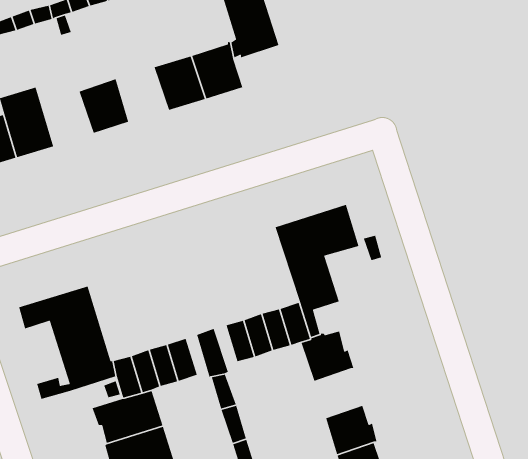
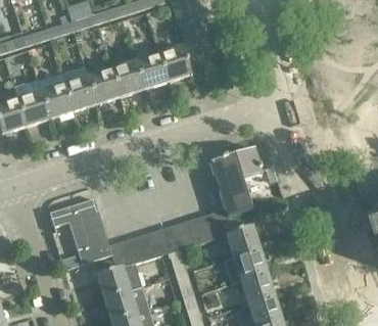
building: none -> [110,61,143,96]
building: none -> [60,65,96,111]
building: none -> [225,250,267,285]

